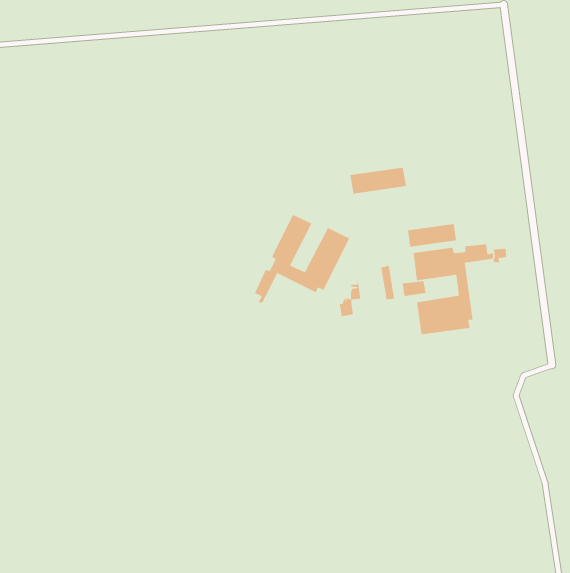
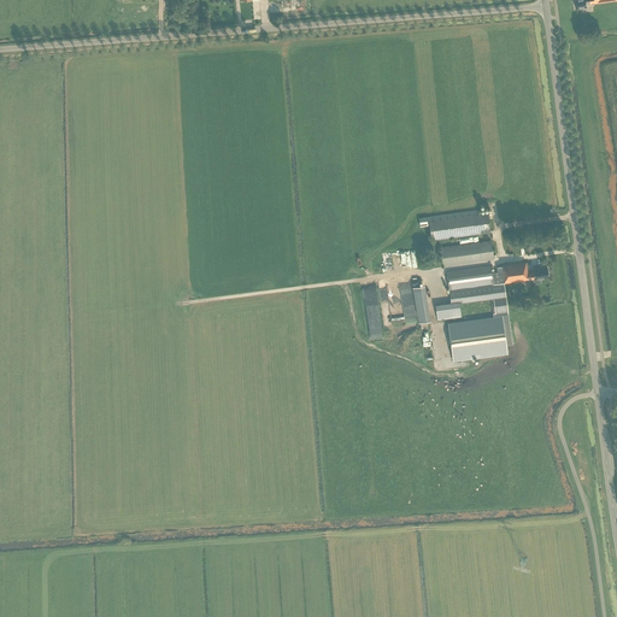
building: [350,167,407,194] -> [425,211,487,240]
building: [254,214,350,304] -> none

